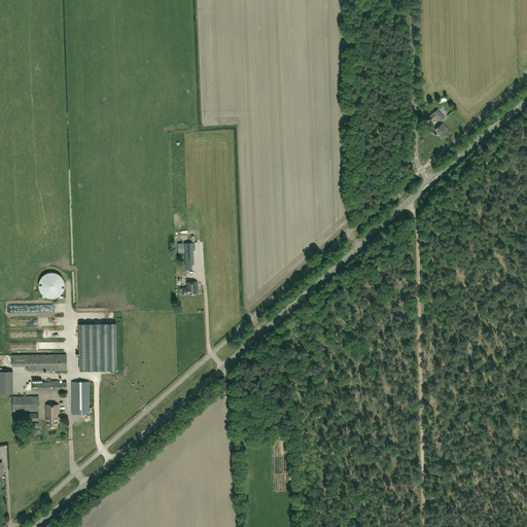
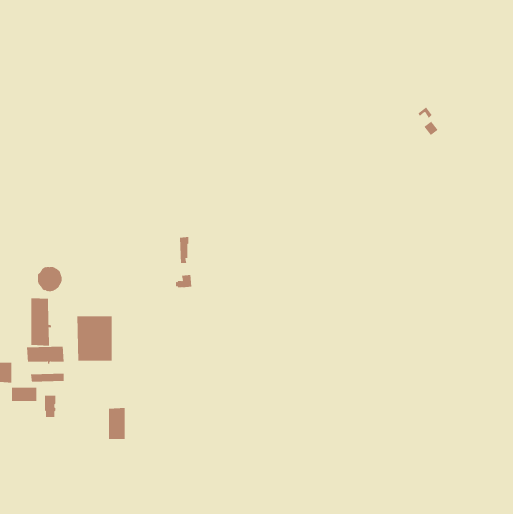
building: none -> [31,297,51,346]
building: [71,381,89,414] -> [108,407,125,440]

